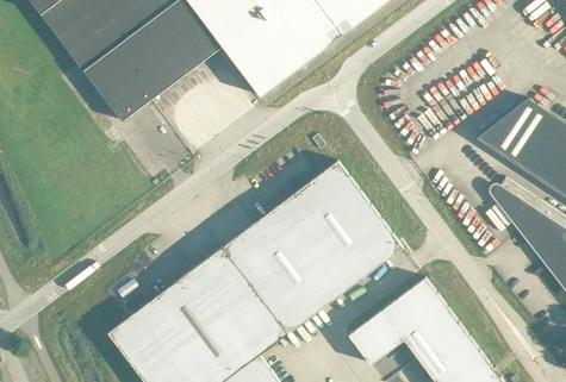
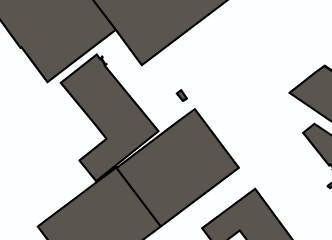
building: none -> [61,55,158,181]

